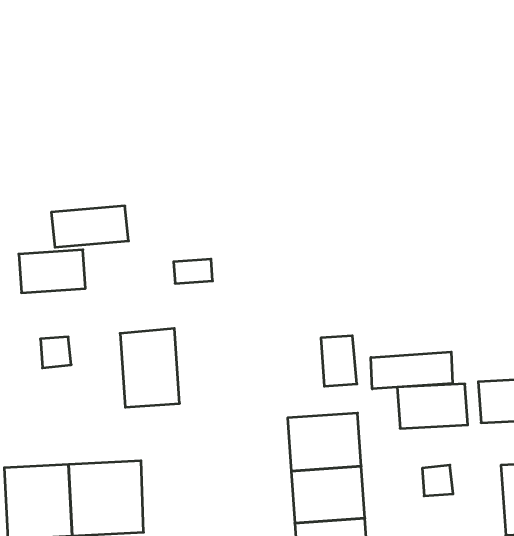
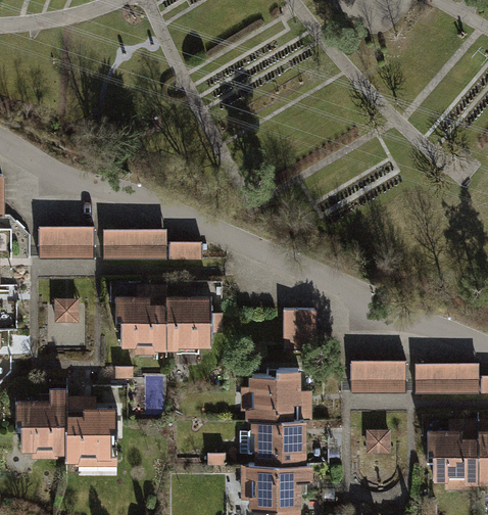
building: [51,206,129,247] -> [100,226,163,256]
building: none -> [163,295,218,359]
building: [371,352,453,389] -> none

